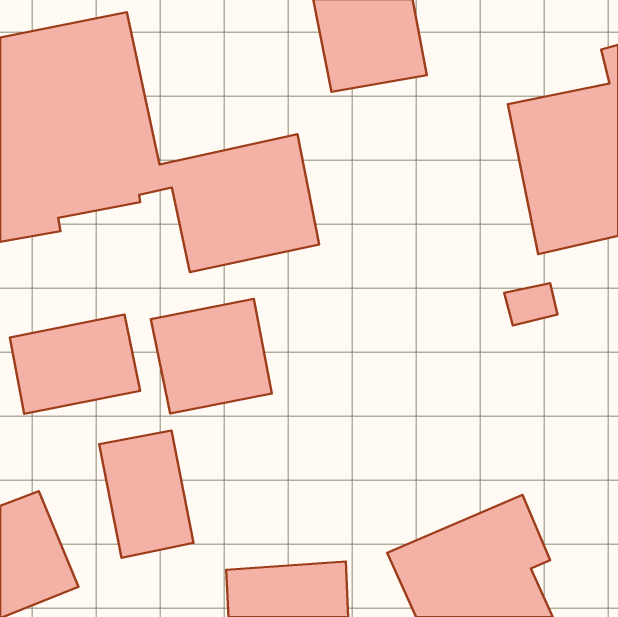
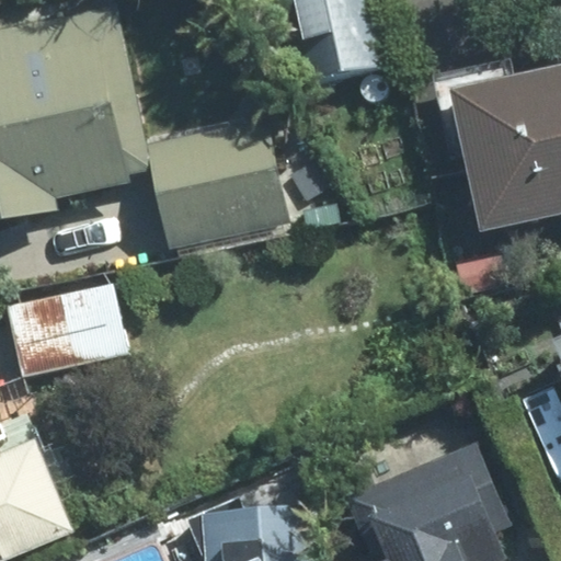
building: [151,299,272,414] -> none
building: [99,431,193,558] -> none

